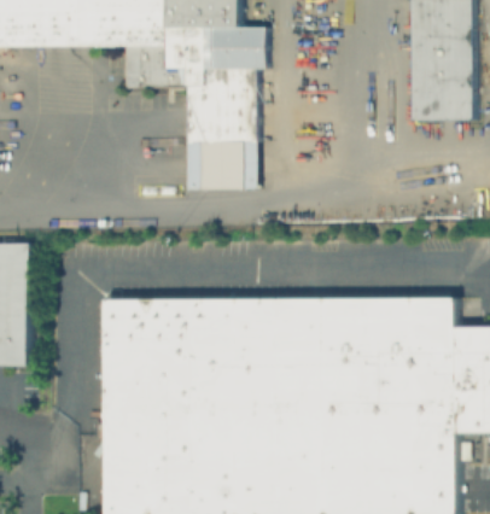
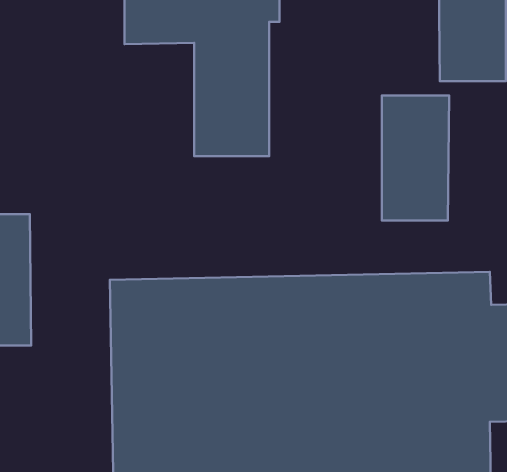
building: none -> [382,95,449,220]

